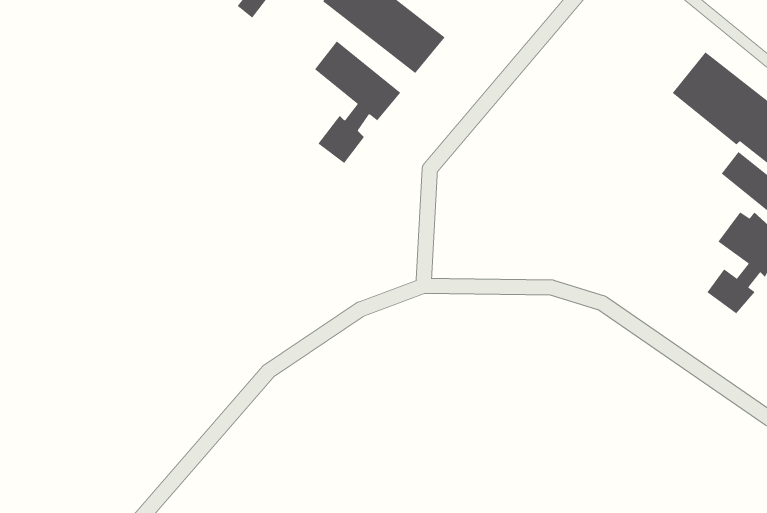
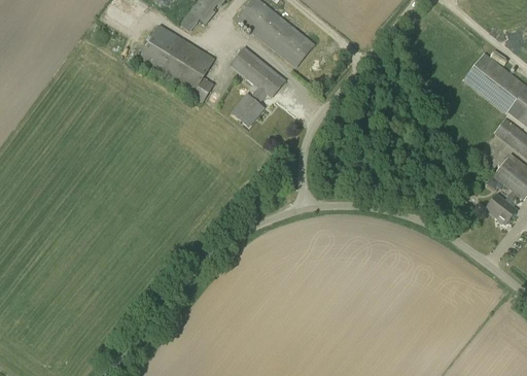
building: none -> [136,24,215,103]

